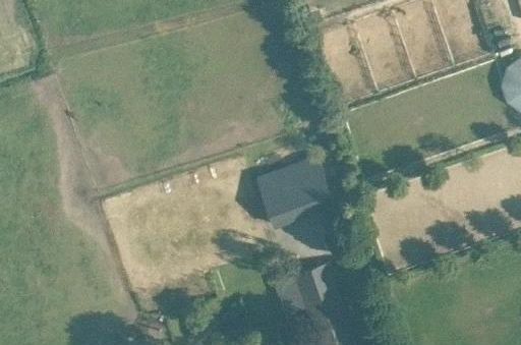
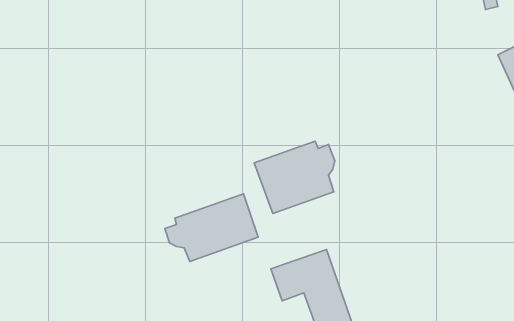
building: none -> [165,194,258,261]

